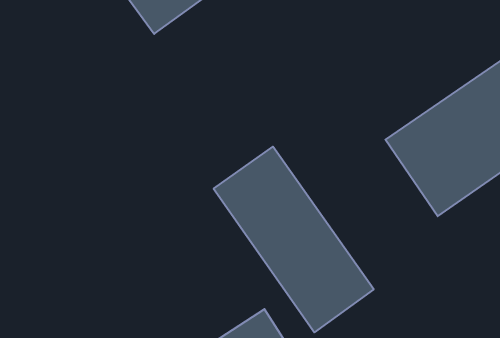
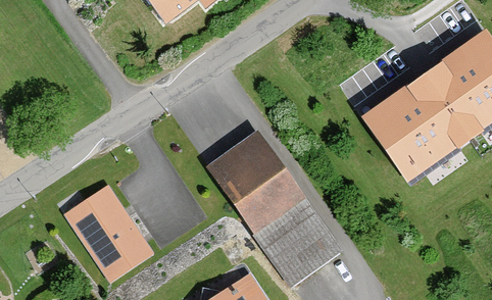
building: none -> [64,179,153,277]

